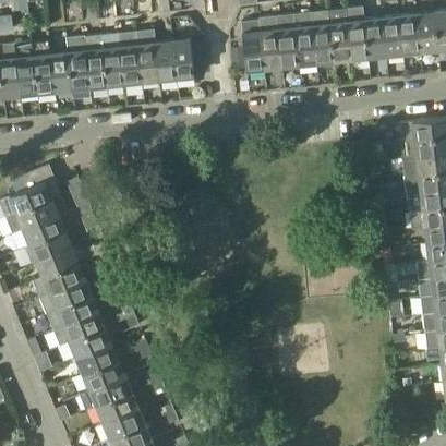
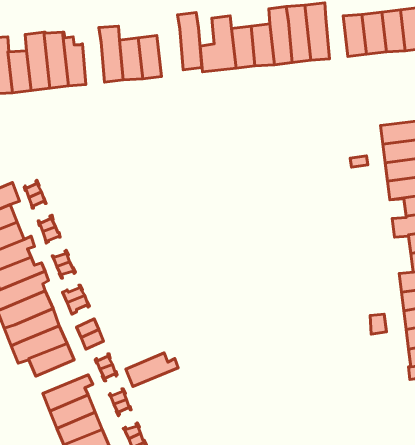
building: [348,22,369,62] -> none
building: [118,33,141,86] -> [177,13,202,70]
building: [76,343,125,375] -> [126,353,178,387]

